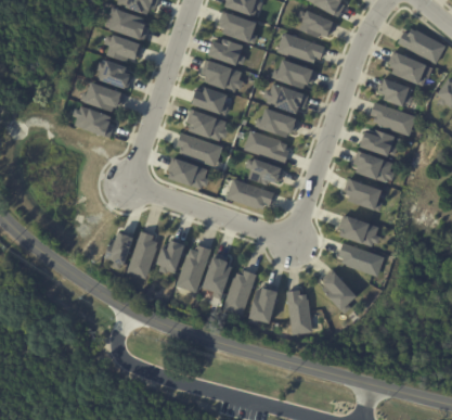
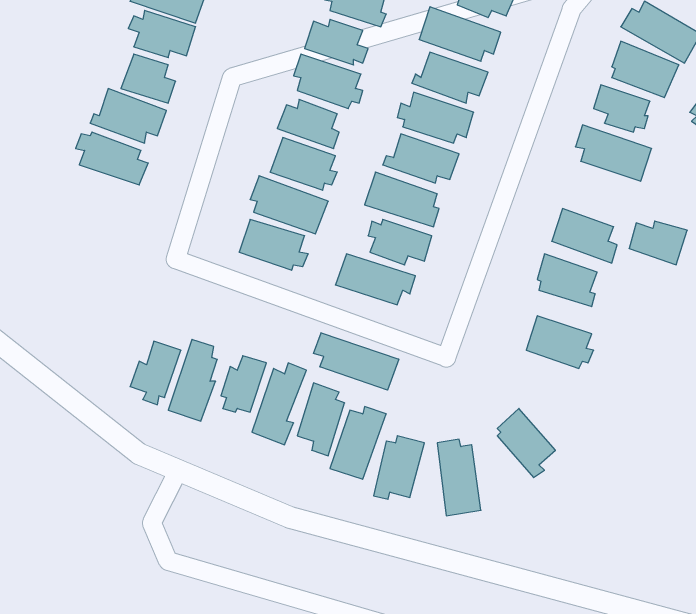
building: [361,130,396,156] -> [629,221,687,265]
building: none -> [313,333,399,390]
building: [338,242,385,278] -> none

